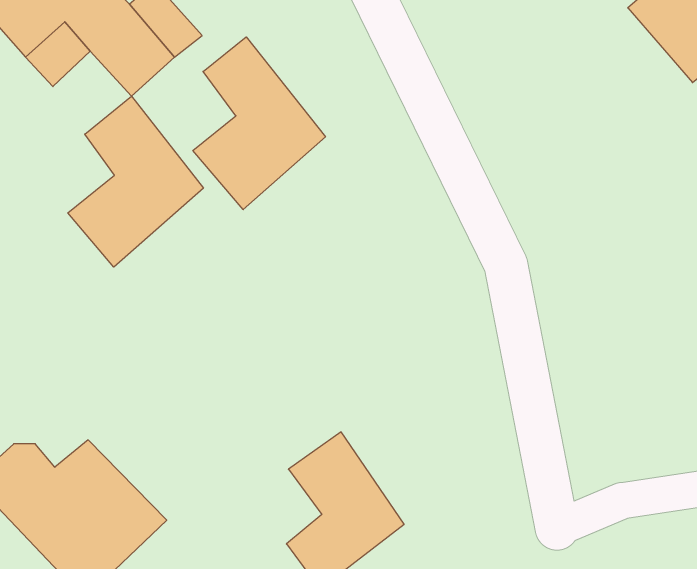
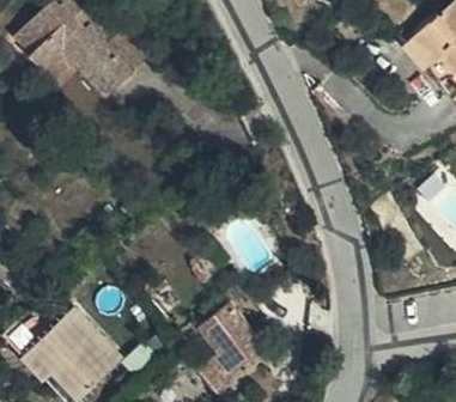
building: [193,37,325,210] -> none
building: [68,96,203,267] -> none

